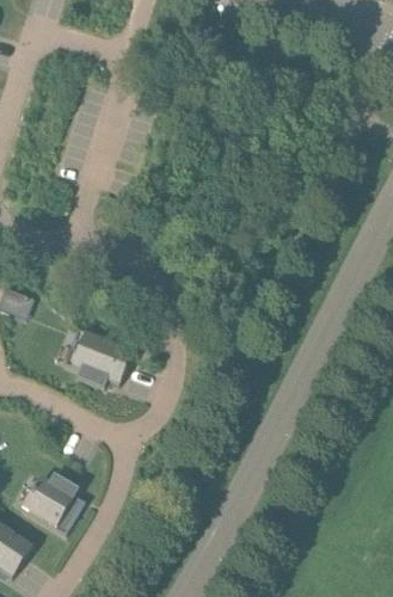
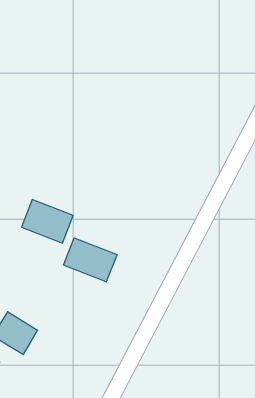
building: none -> [64,238,117,282]

